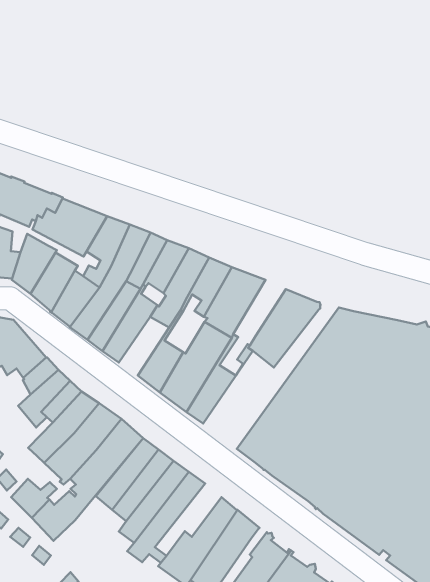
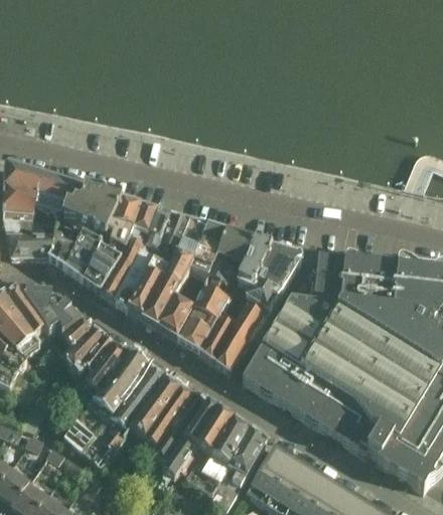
building: none -> [231,238,270,293]
building: none -> [140,277,178,325]
building: none -> [212,297,266,370]
building: none -> [182,407,233,469]

